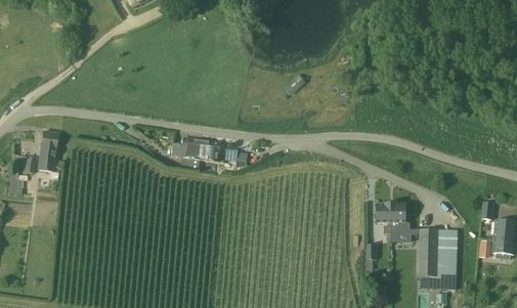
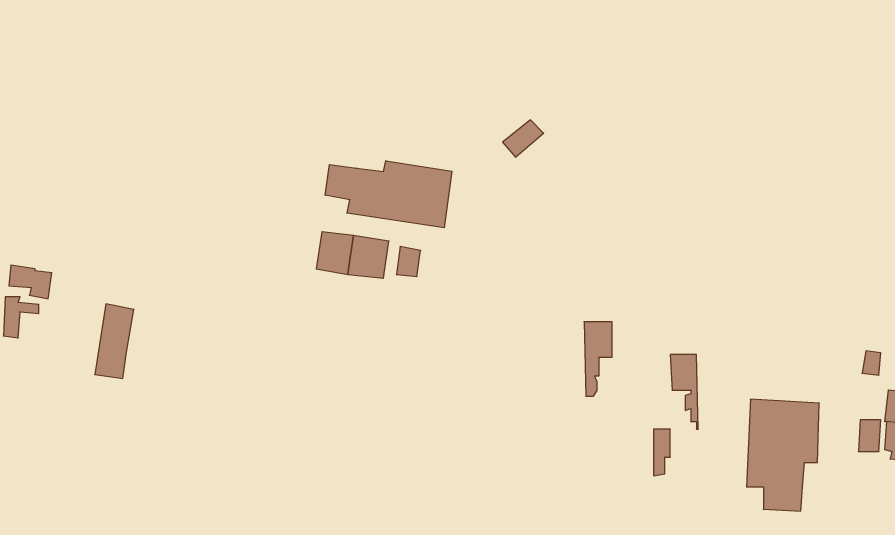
building: none -> [325,161,452,228]
building: [37,130,58,171] -> [95,304,134,378]
building: [390,204,405,245] -> [584,322,612,396]

